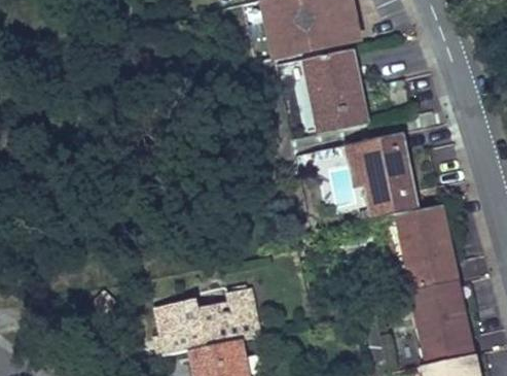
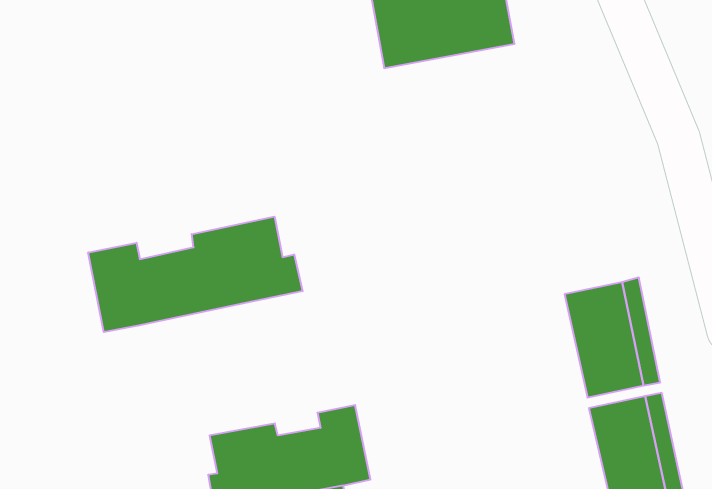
building: [302,50,368,133] -> none
building: [345,131,420,215] -> none
building: none -> [88,217,303,332]

